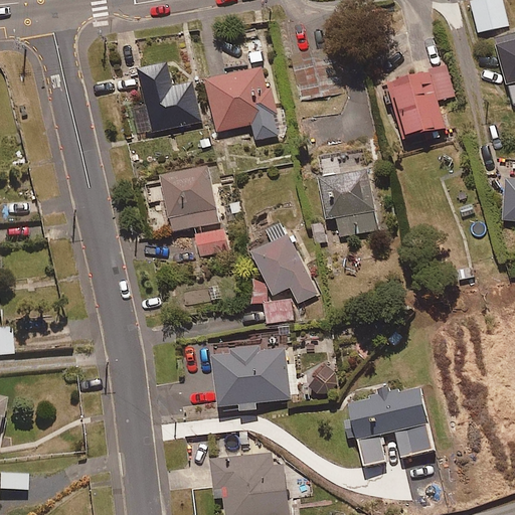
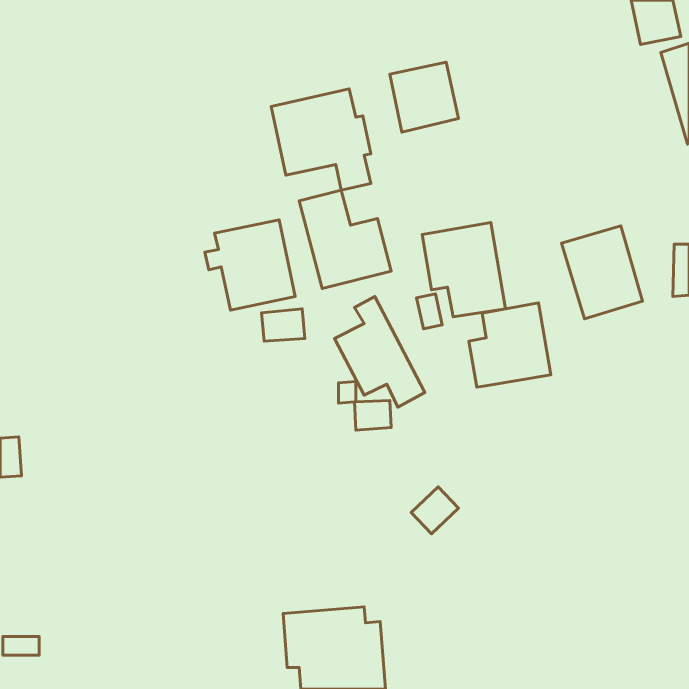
building: [136,60,204,134] -> [299,190,391,289]
building: [384,68,445,138] -> [561,226,642,319]
building: none -> [469,303,551,387]
building: [211,343,299,412] -> none
building: [343,386,434,466] -> none

